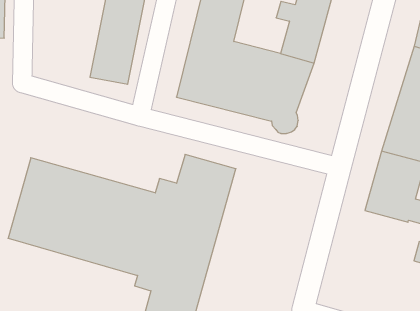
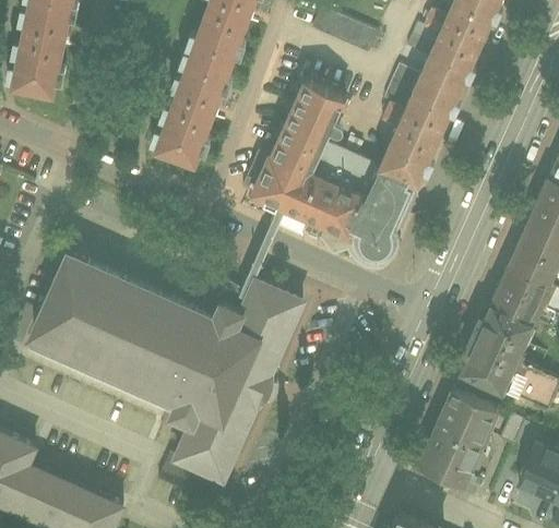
building: none -> [414,388,496,487]

